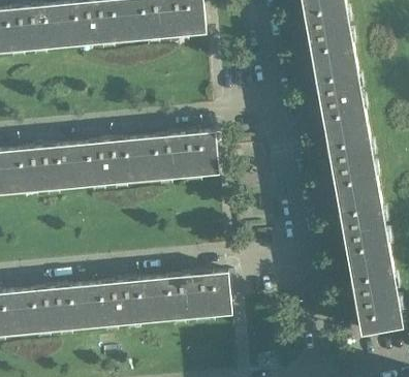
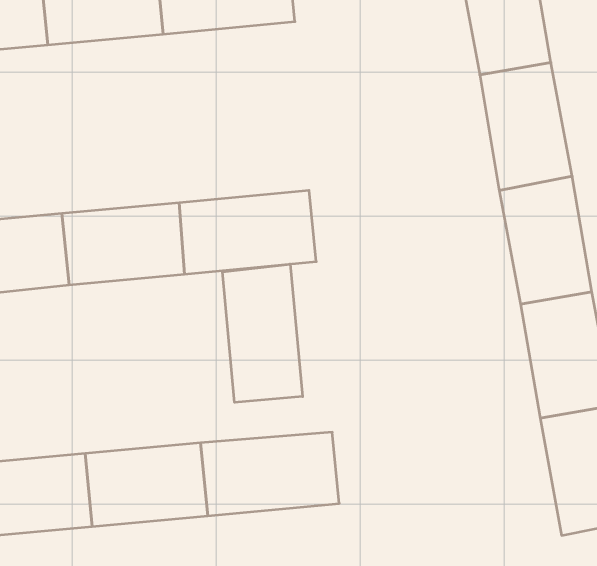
building: none -> [222,264,303,402]

